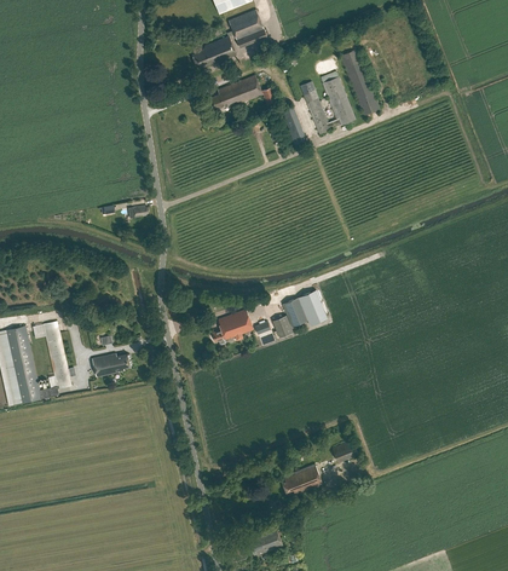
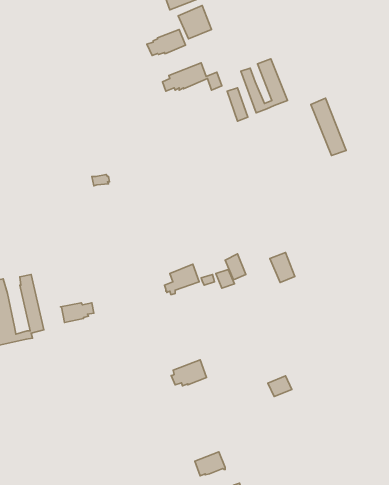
building: [339,48,380,115] -> [311,98,346,156]
building: [296,289,325,324] -> [270,252,295,283]
building: [281,463,322,494] -> [171,360,207,386]

